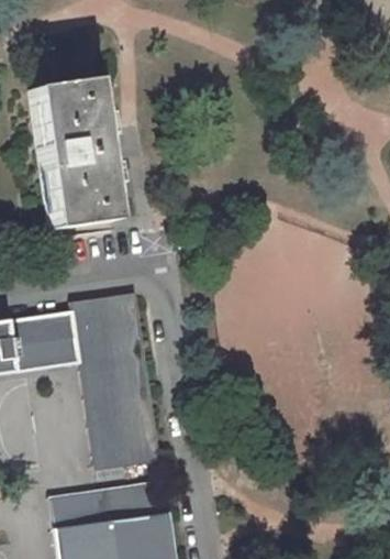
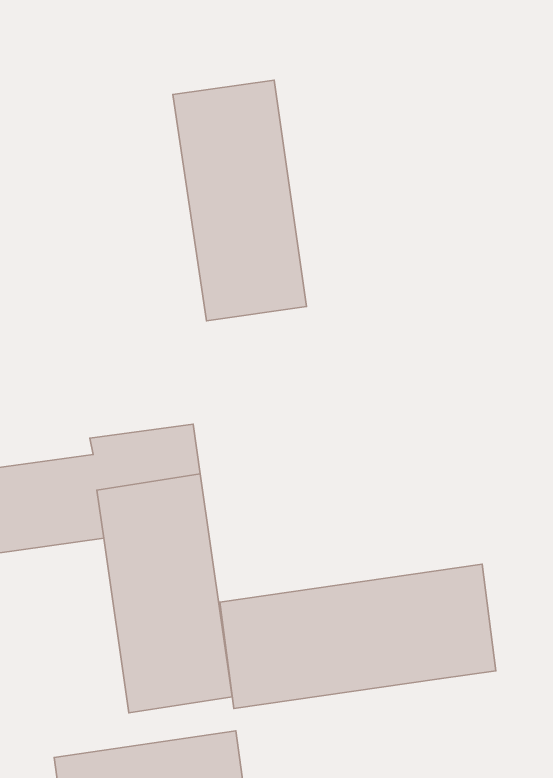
building: [35,80,118,229] -> [173,80,306,321]
building: none -> [220,564,496,709]

